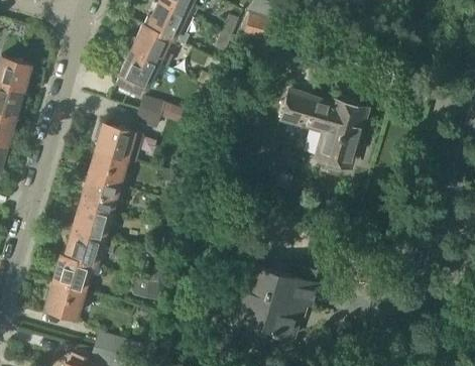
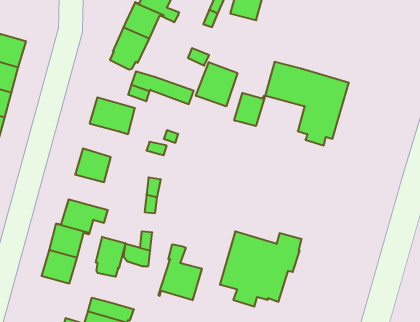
building: none -> [196,62,237,106]
building: none -> [234,93,265,126]
building: [89,150,126,186] -> none
building: [74,204,111,238] -> none
building: none -> [96,237,125,277]
building: none -> [159,244,202,300]

